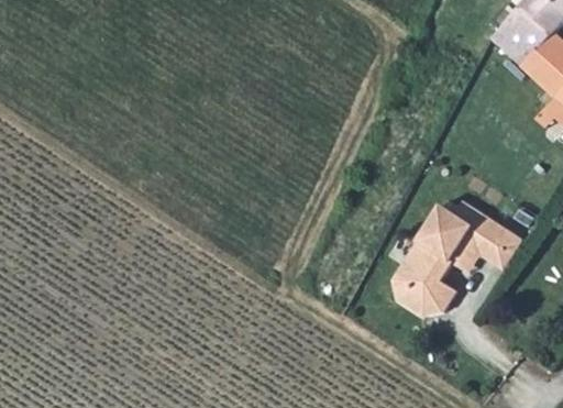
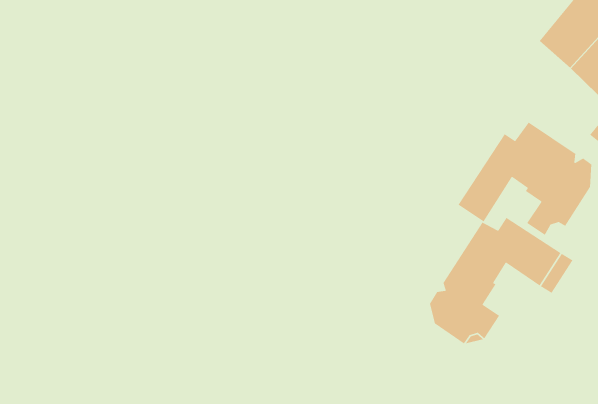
building: none -> [458,122,592,236]

